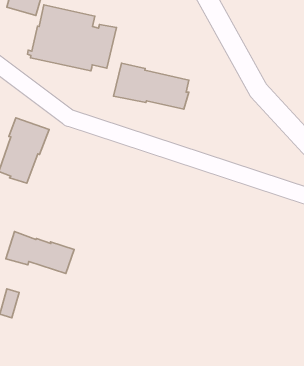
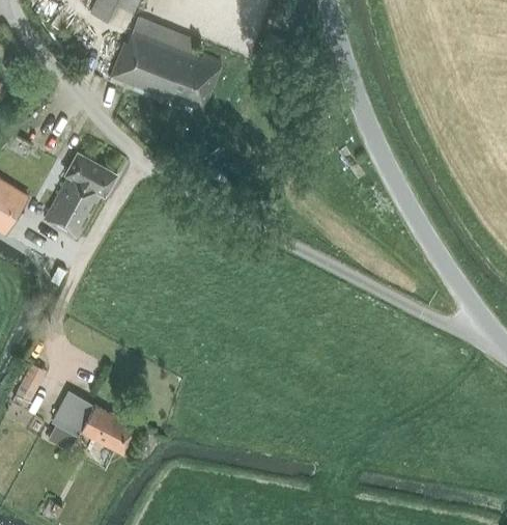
building: [113,63,189,109] -> none
building: [6,231,74,273] -> [52,390,139,453]

